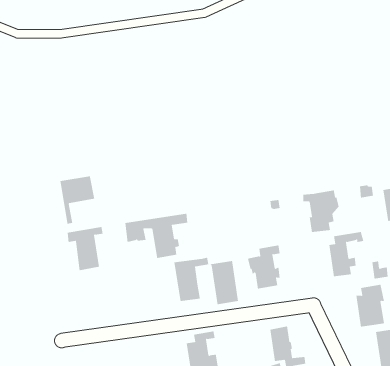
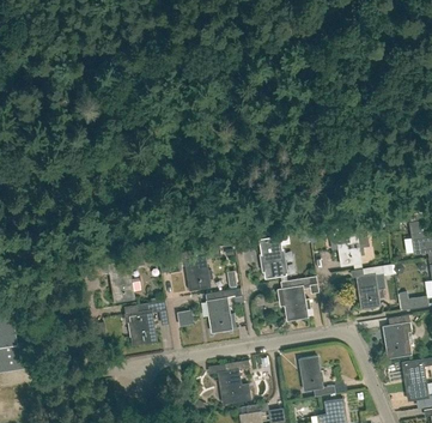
building: [60,175,95,224] -> none
building: [209,261,239,305] -> [257,237,286,280]
building: none -> [128,302,166,346]

